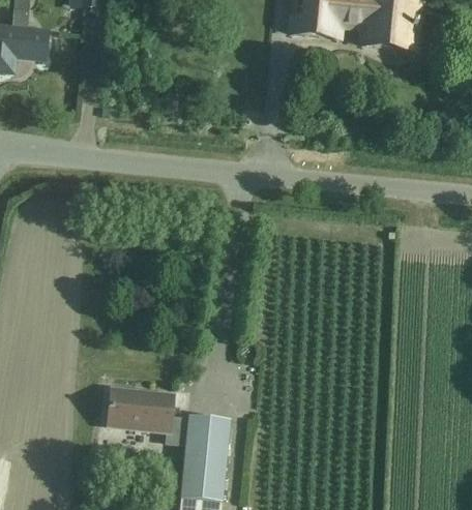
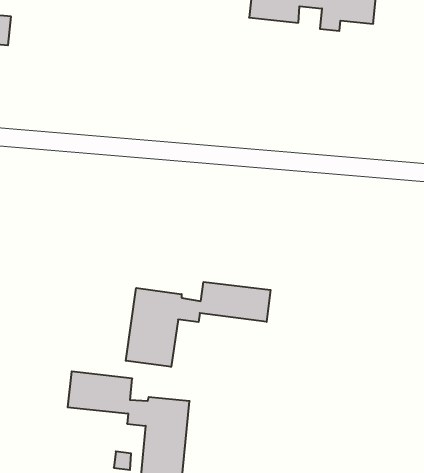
building: none -> [126,282,271,367]

